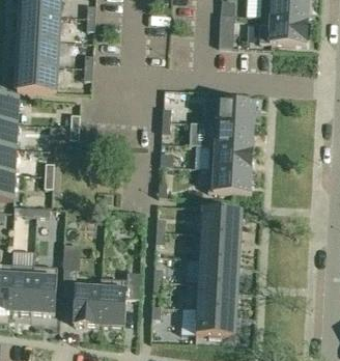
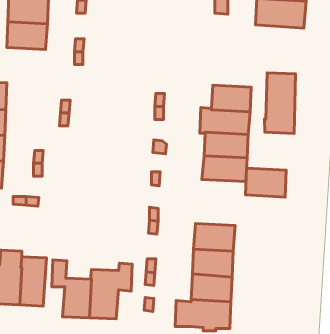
building: [17,62,56,90] -> none
building: none -> [265,73,295,134]
building: [201,206,240,234] -> [246,168,286,197]

